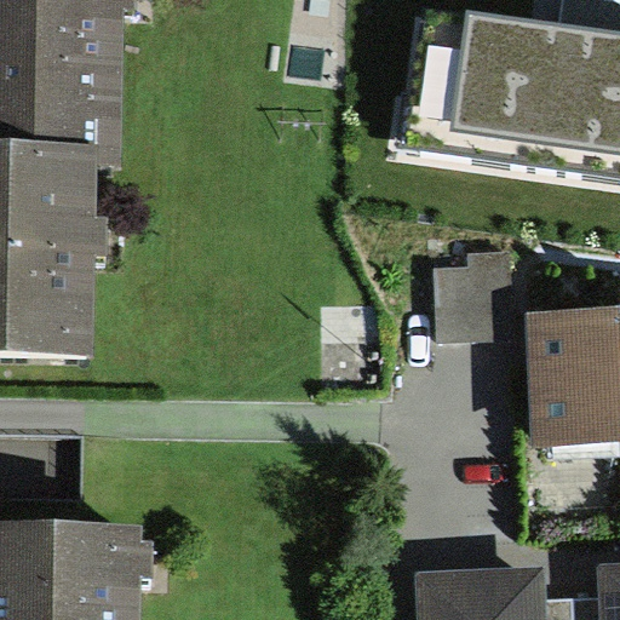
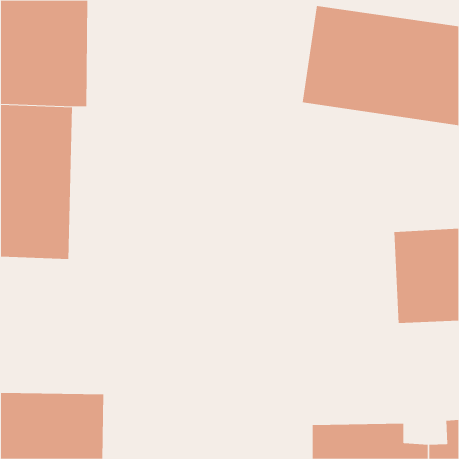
building: [438,248,512,341] -> none

